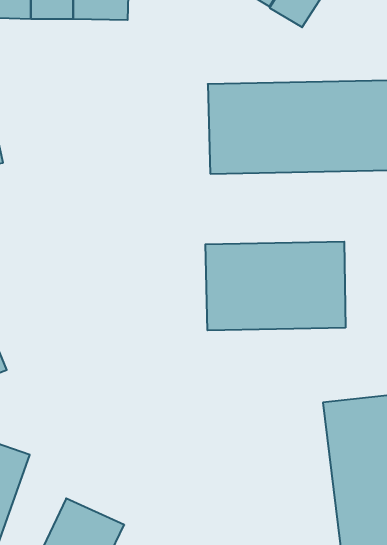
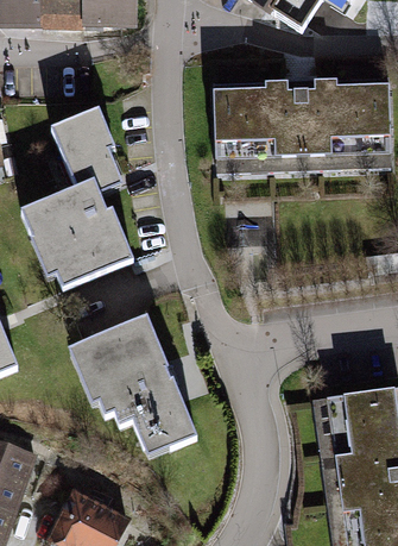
building: none -> [25,107,132,287]
building: [205,242,345,330] -> none
building: none -> [69,314,195,451]

